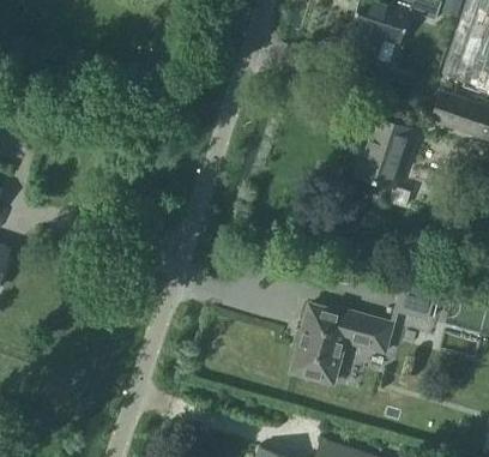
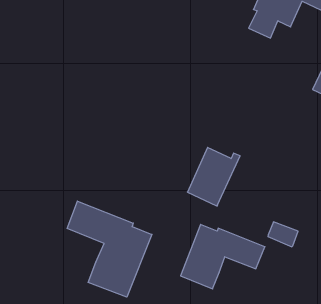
building: [355,116,416,188] -> [187,147,240,206]
building: none -> [67,201,152,297]

